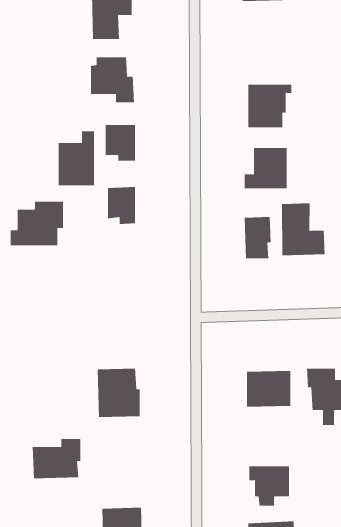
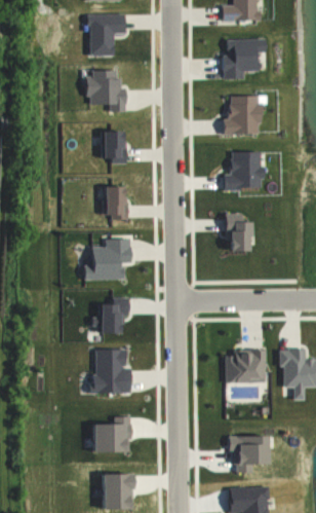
building: none -> [222,38,266,78]
building: [58,131,95,186] -> none
building: [10,201,64,246] -> [84,239,132,279]
building: [281,203,325,256] -> none
building: none -> [96,296,129,333]
building: [32,439,81,479] -> [88,416,132,452]

